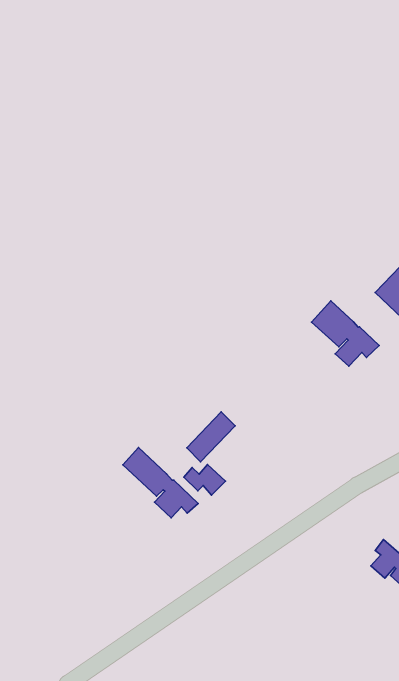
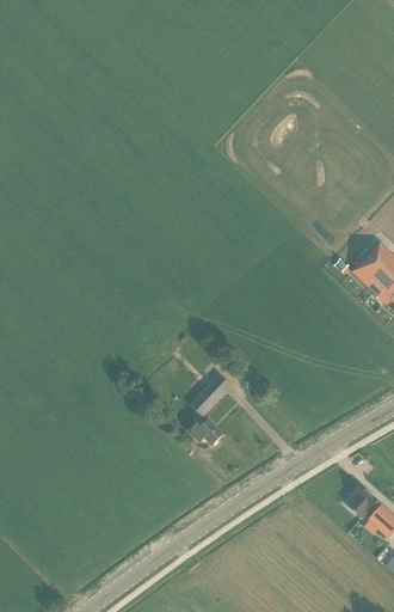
building: [311,301,379,366] -> none
building: [123,447,198,518] -> none

